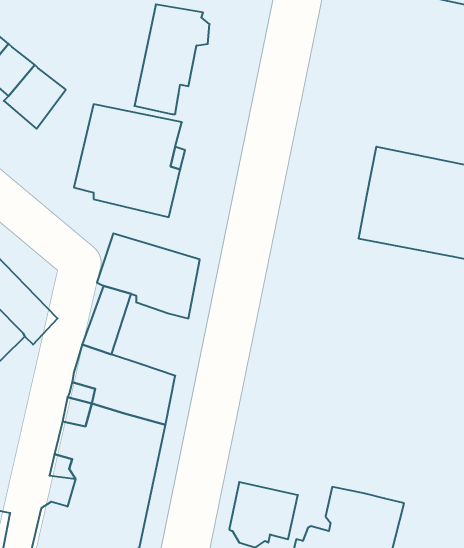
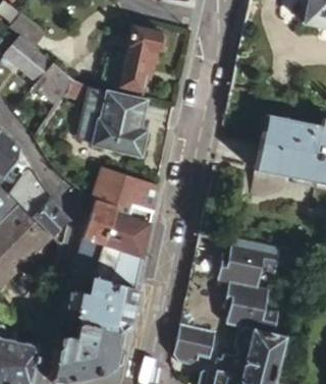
building: none -> [102,206,150,257]
building: none -> [219,236,283,333]

